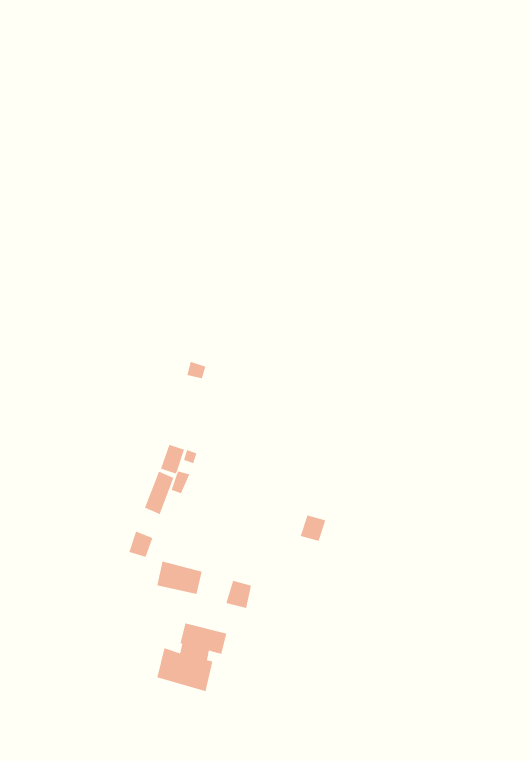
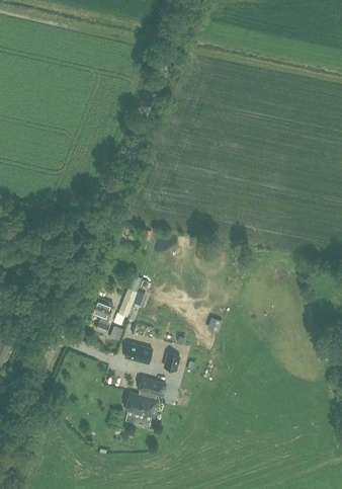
building: none -> [91,297,112,332]

